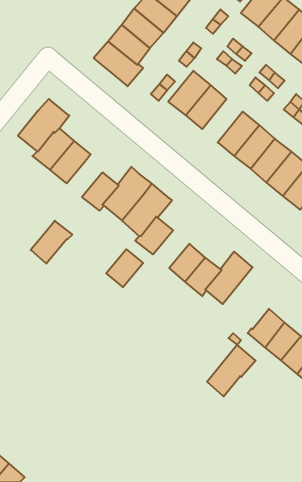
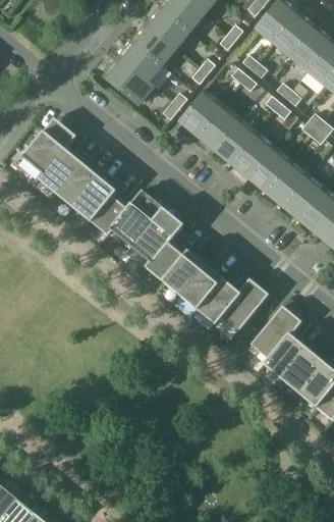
building: none -> [217,118,260,164]
building: [31,221,72,264] -> [74,176,118,221]
building: [106,249,143,287] -> [165,256,204,296]
building: [207,345,256,396] -> [253,306,303,360]

